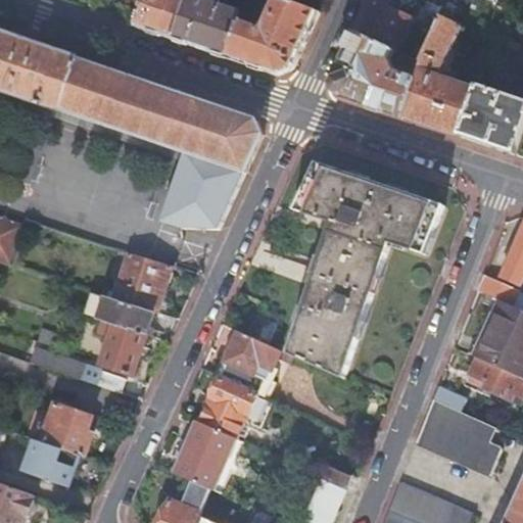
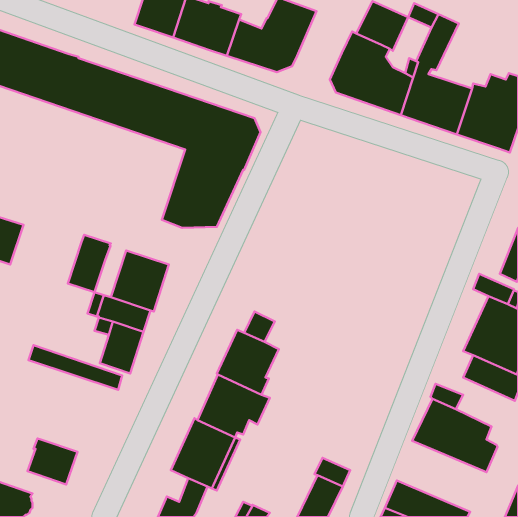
building: [287,162,442,378] -> none
building: none -> [68,235,111,292]
building: [41,403,91,456] -> none

